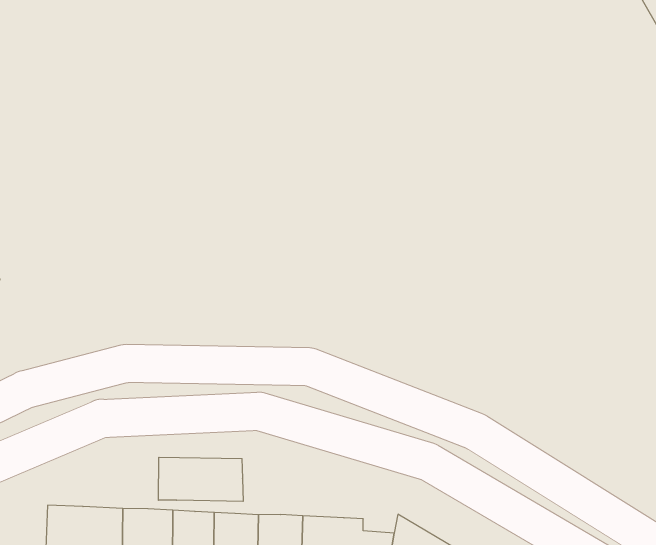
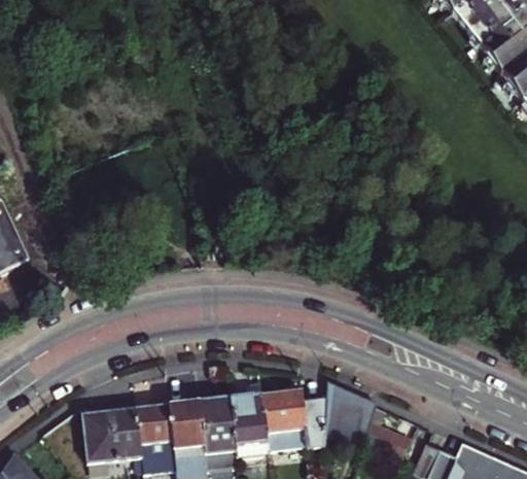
building: [158,457,243,501] -> none

